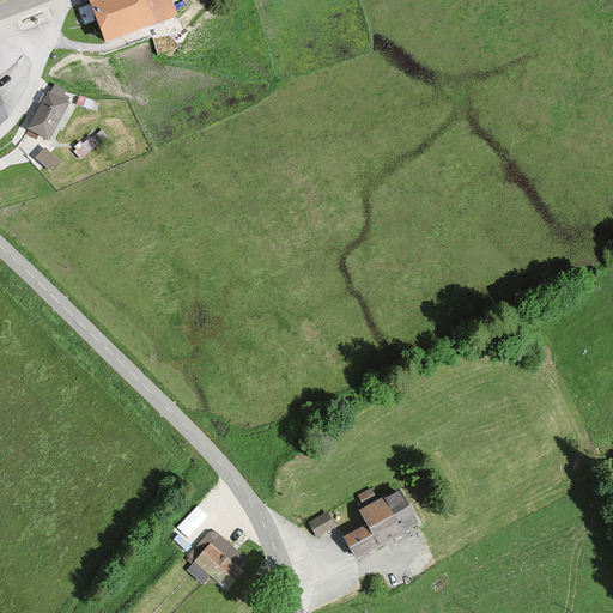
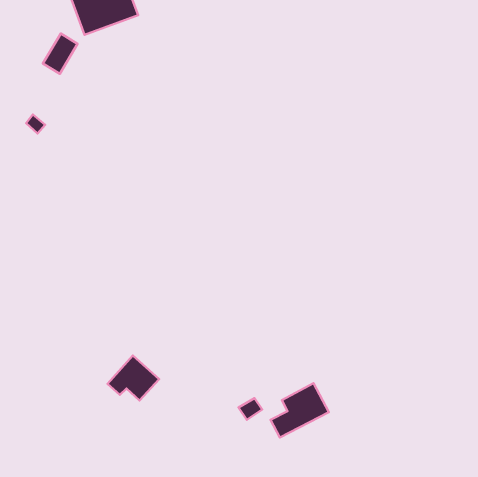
building: [26,89,71,140] -> [43,34,78,74]
building: [186,533,251,590] -> [108,356,159,401]

